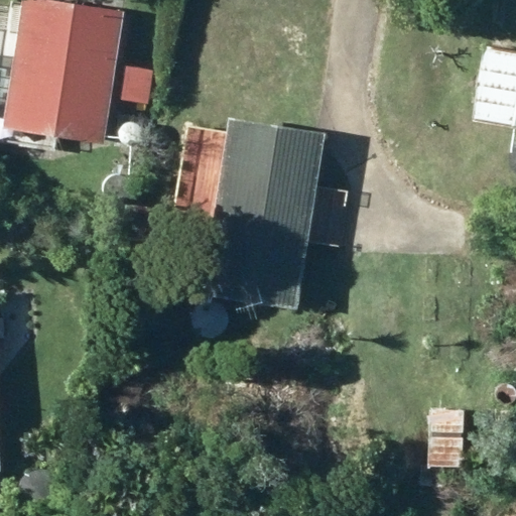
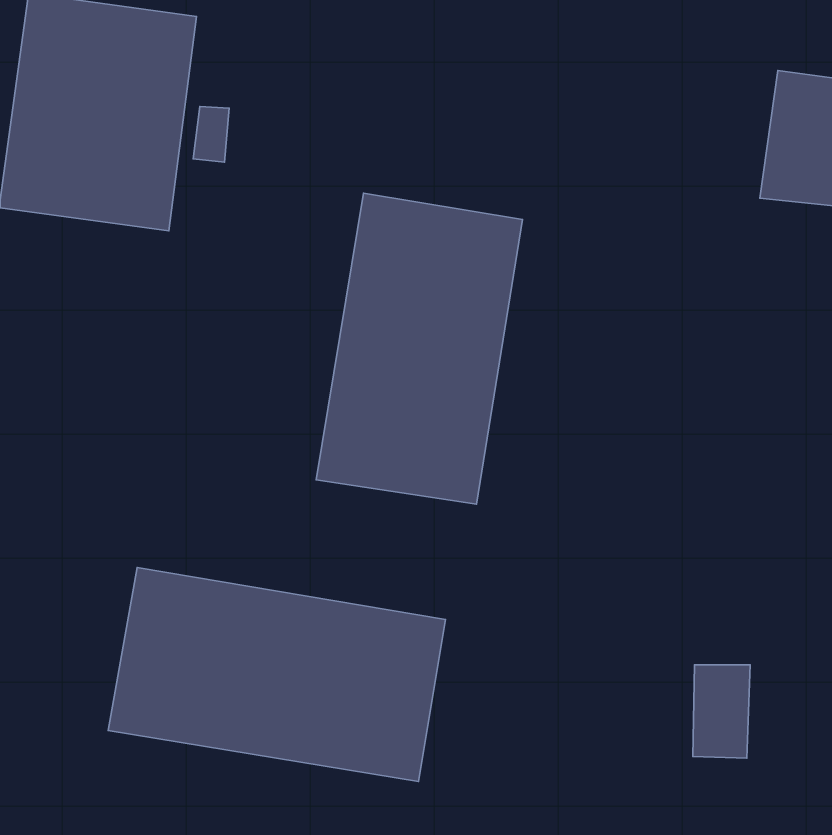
building: none -> [108,567,445,782]

